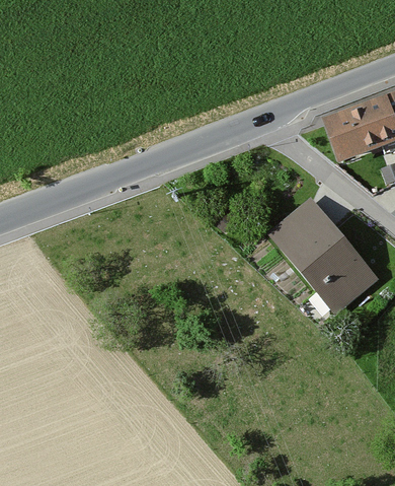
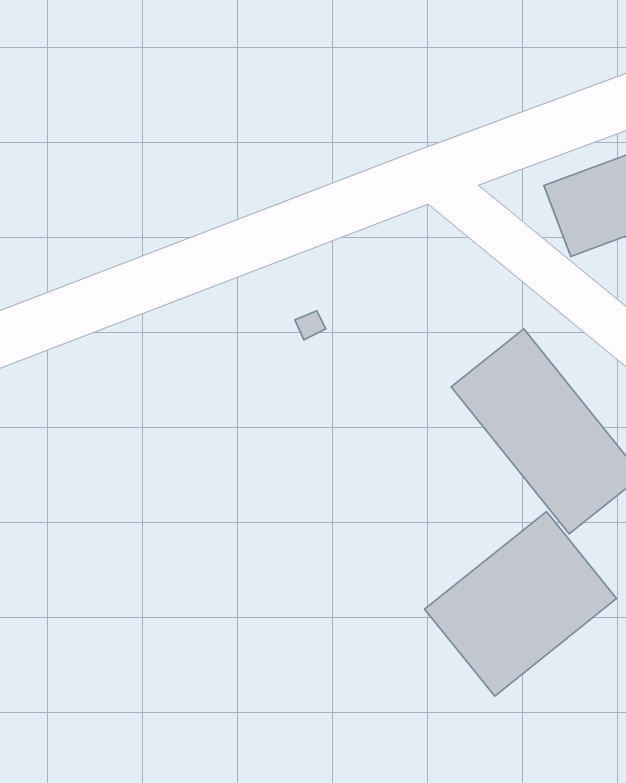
building: none -> [425,511,617,696]

